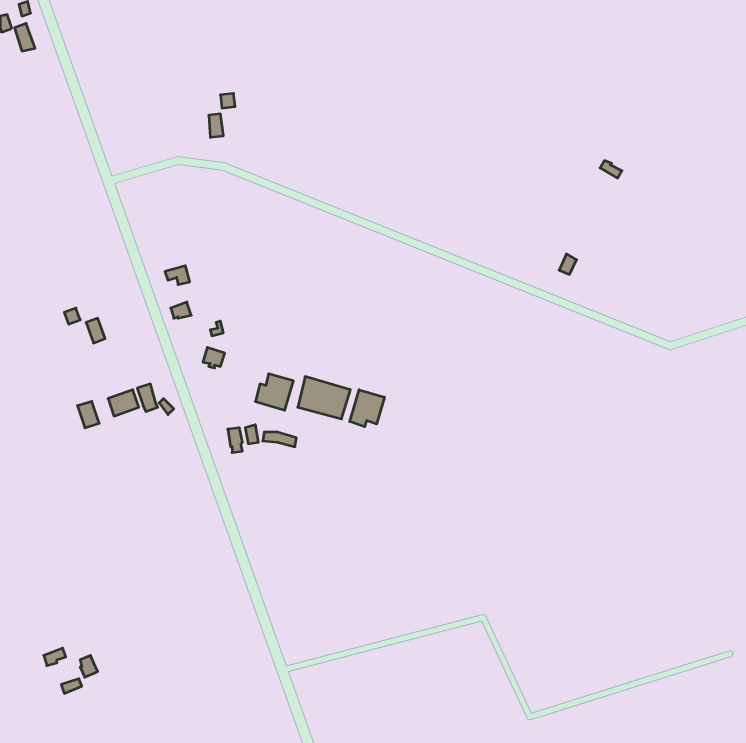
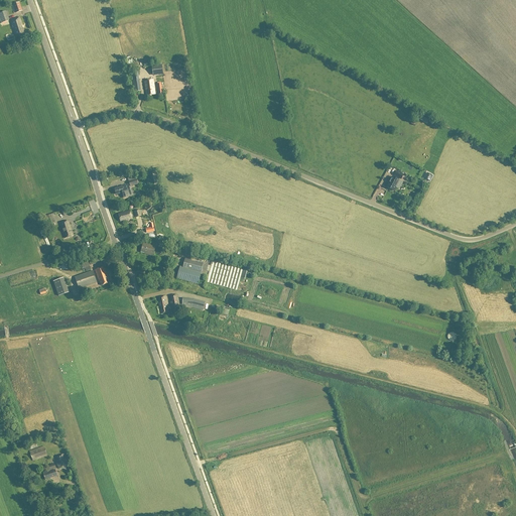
building: [350,390,384,427] -> none

